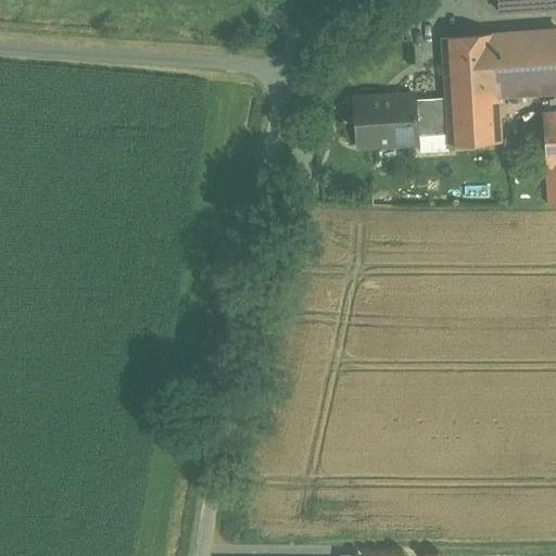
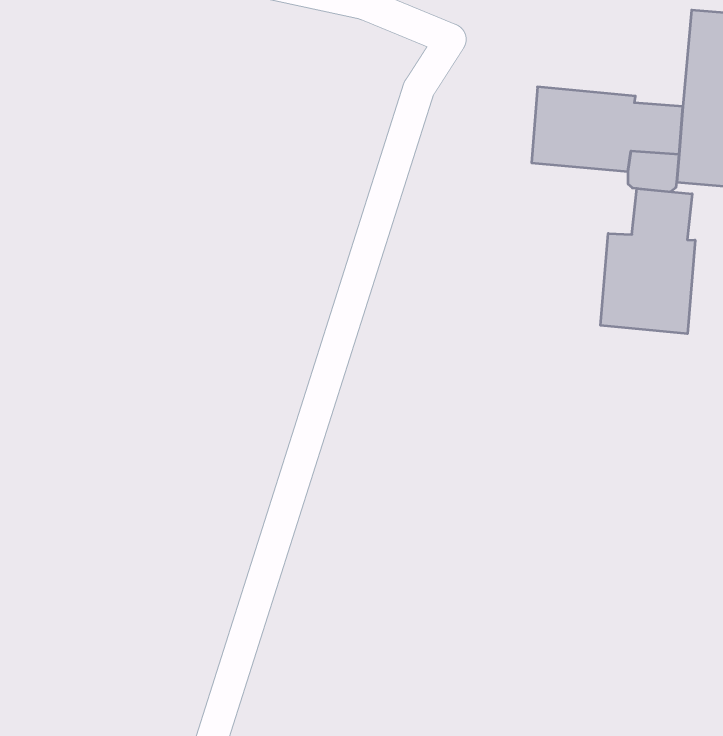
building: none -> [601,188,695,334]

